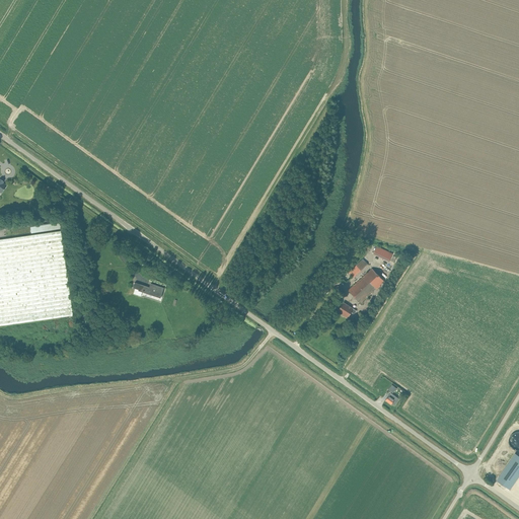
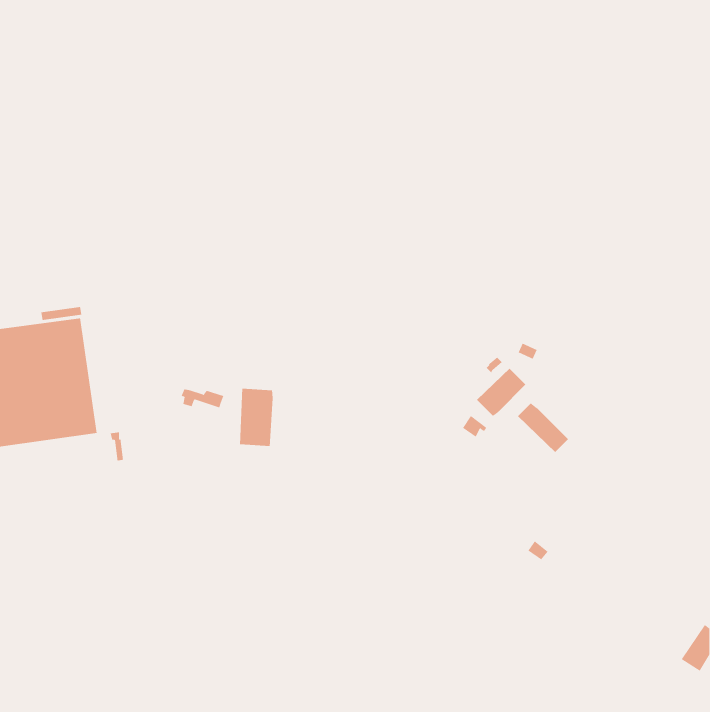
building: none -> [240,388,273,447]
building: none -> [517,403,569,453]

